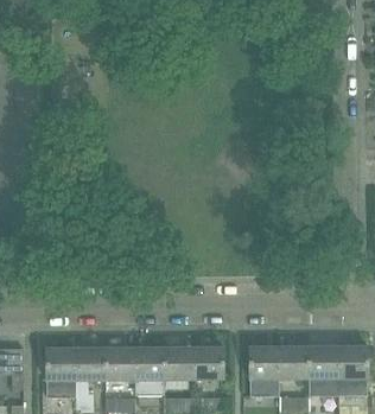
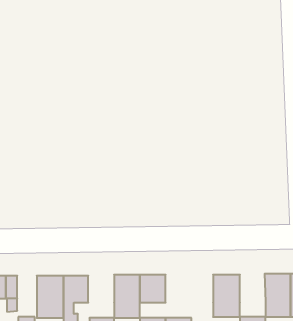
building: [279,348,309,381] -> none
building: [104,349,134,381] -> none
building: [193,349,222,381] -> none

